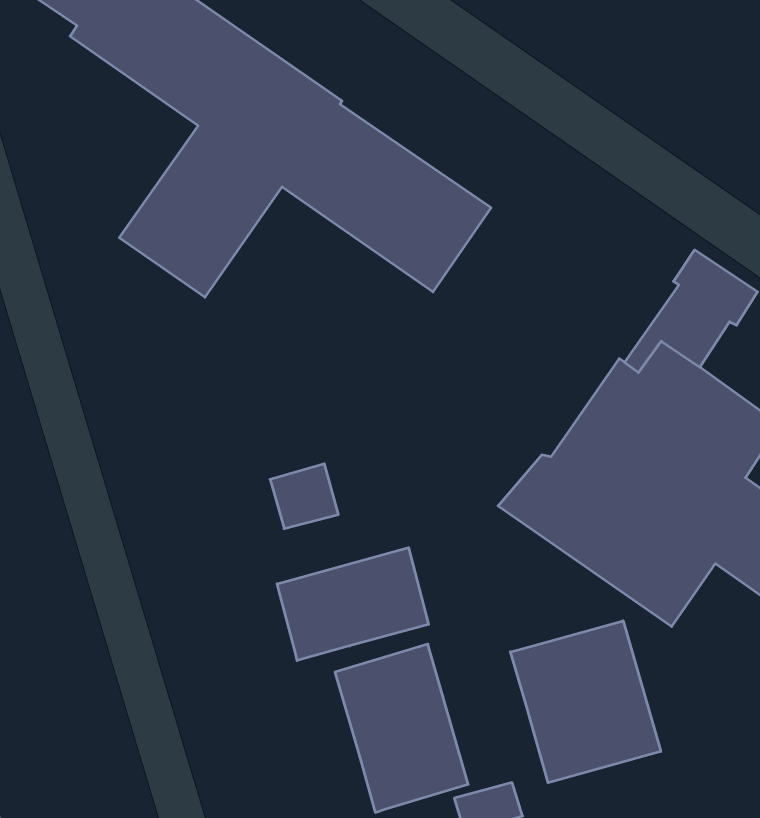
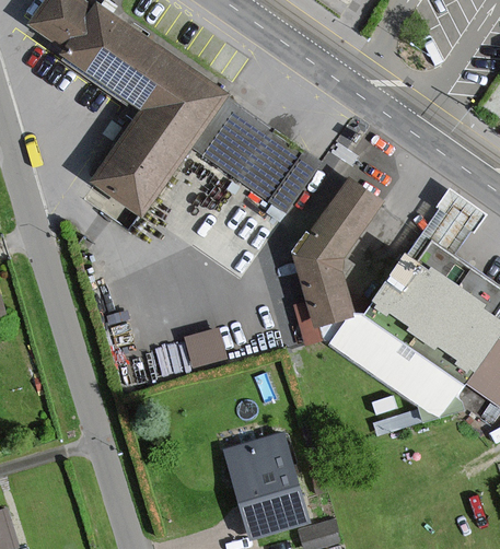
building: none -> [293,178,382,325]
building: [277,548,429,661] -> none
building: [510,621,661,783] -> none

